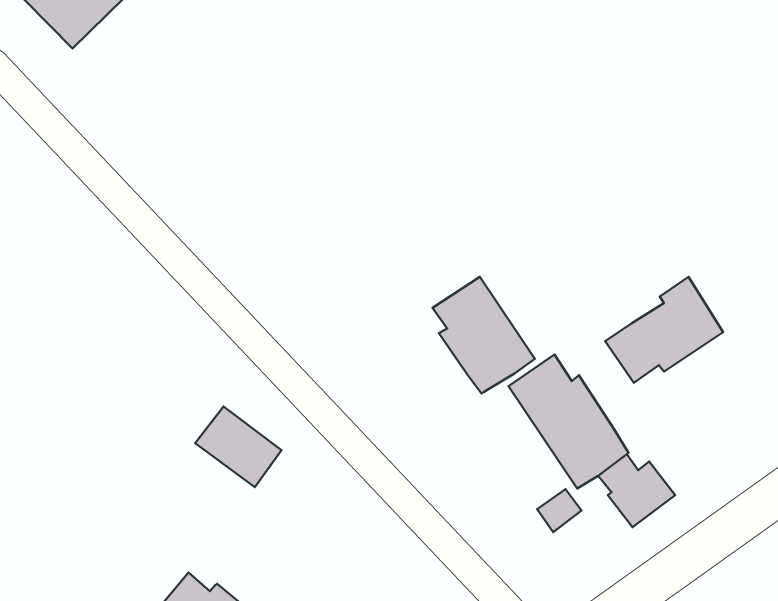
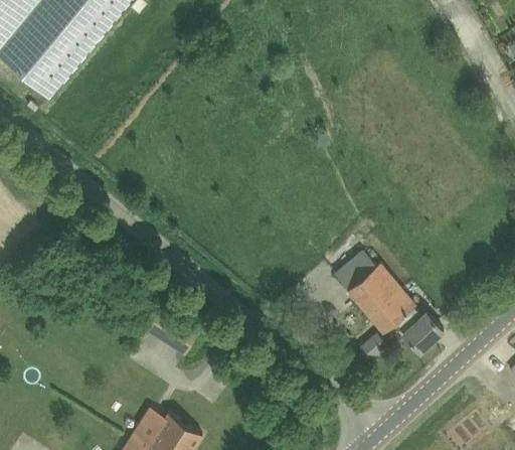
building: [433,277,535,393] -> none
building: [605,277,723,383] -> none

